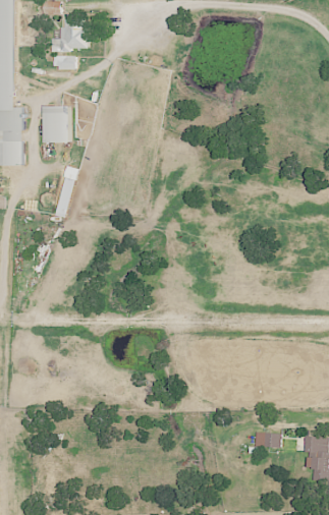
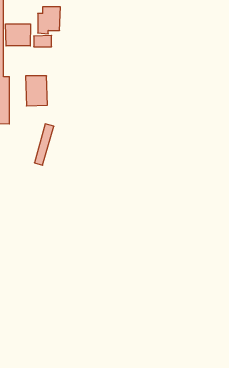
building: none -> [6,24,30,46]
building: [254,432,280,448] -> none

